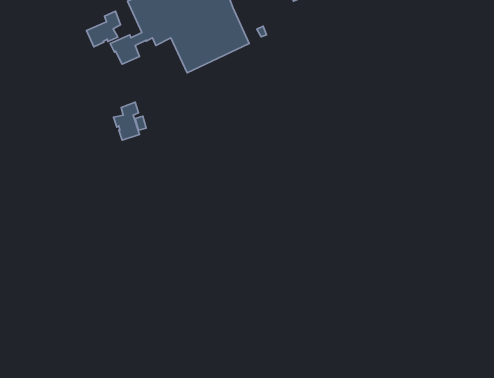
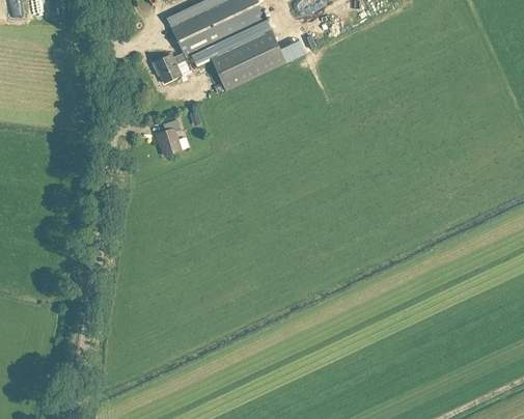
building: [86,11,121,47] -> none

